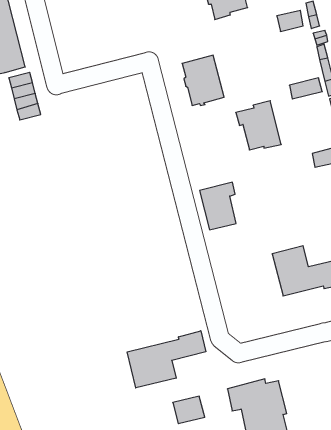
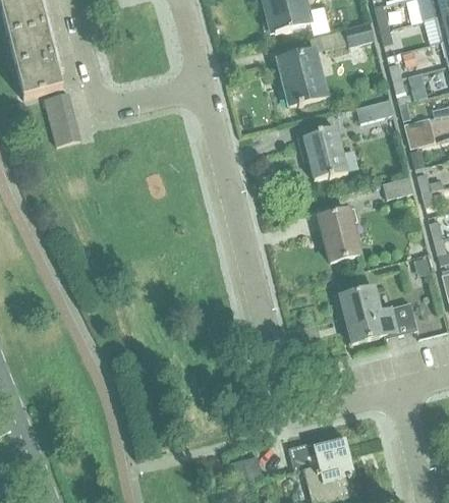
building: [182,55,224,105] -> [279,50,326,106]
building: [200,182,236,230] -> [319,208,359,261]
building: [127,331,206,388] -> none

